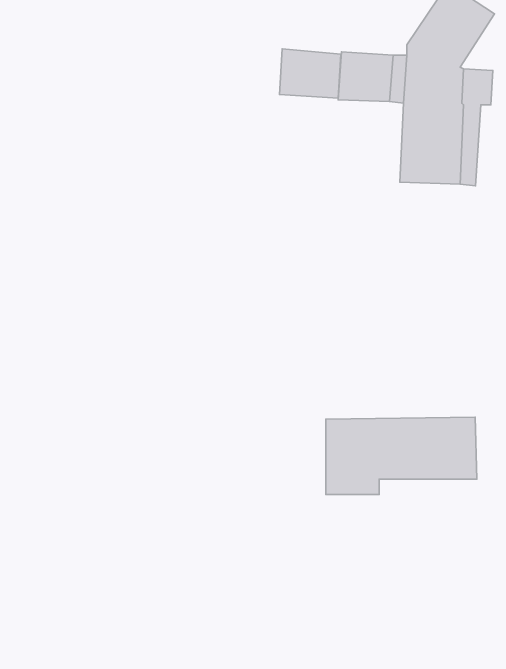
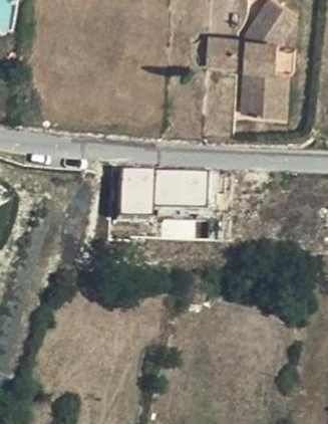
building: [279,49,341,98] -> none
building: [326,417,477,495] -> [119,169,208,214]

